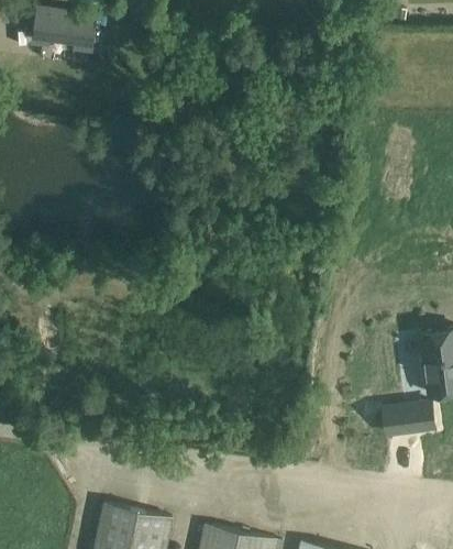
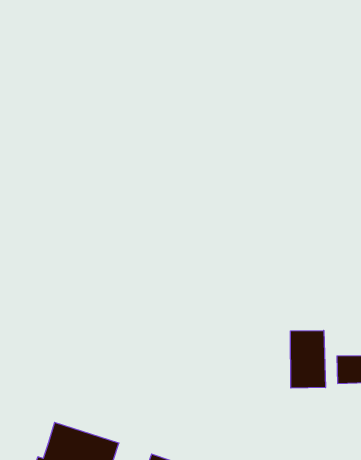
building: none -> [291,330,325,388]

